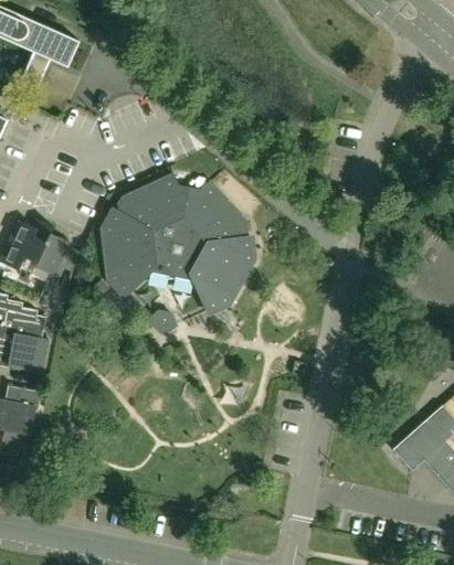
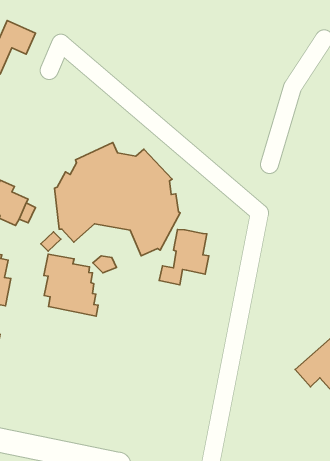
building: none -> [159,229,209,285]
building: none -> [44,254,98,316]

